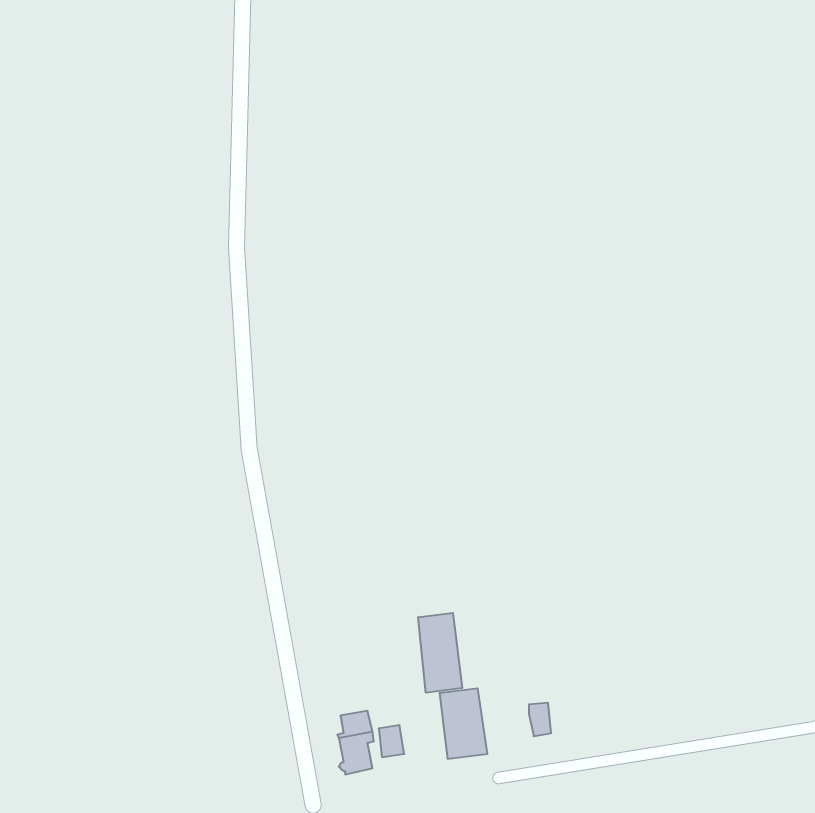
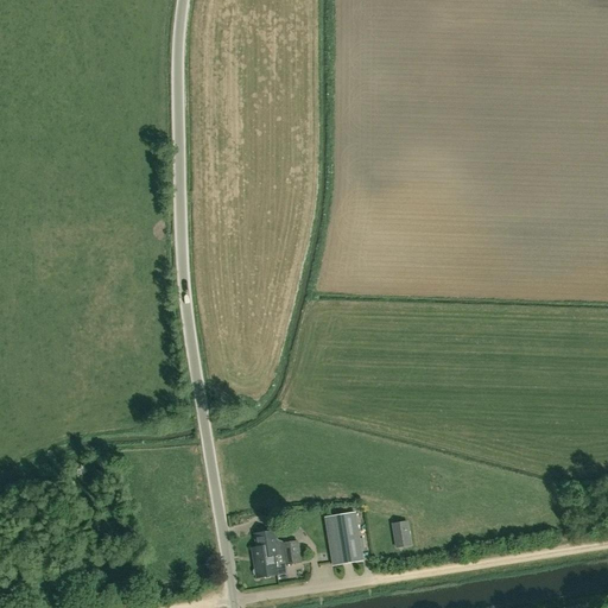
building: [418,613,462,693] -> none

